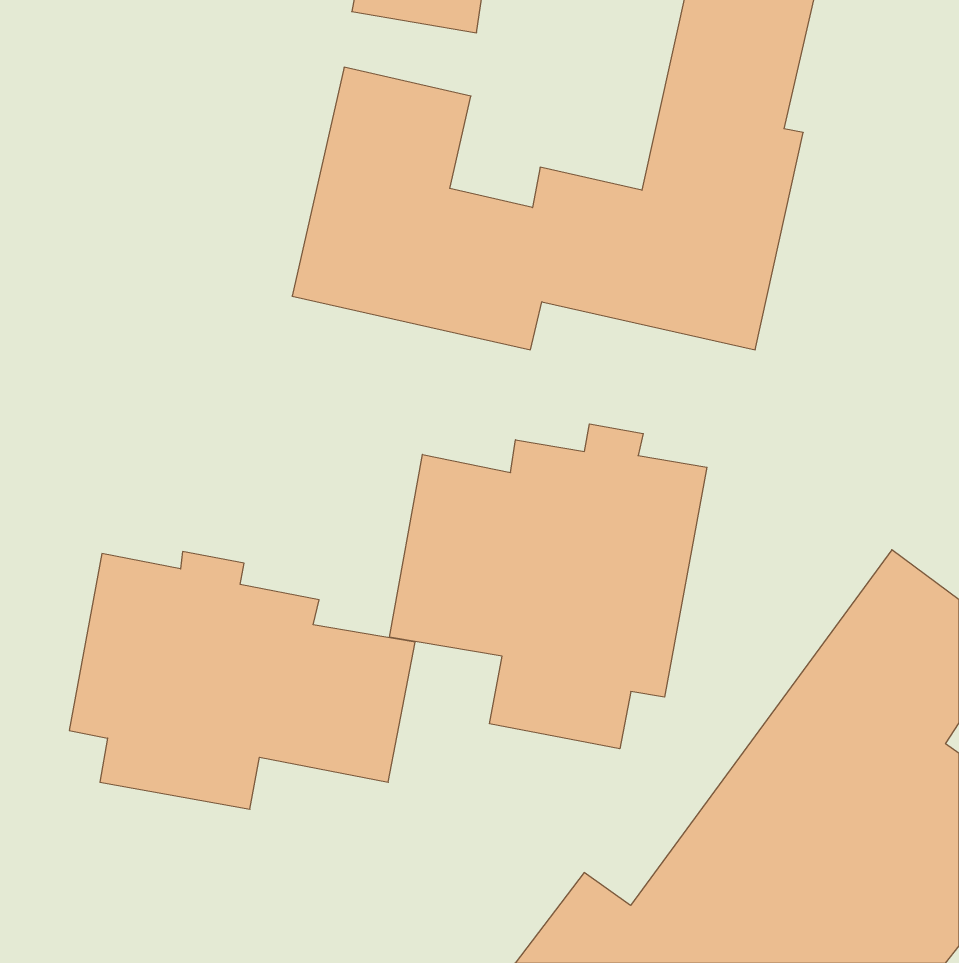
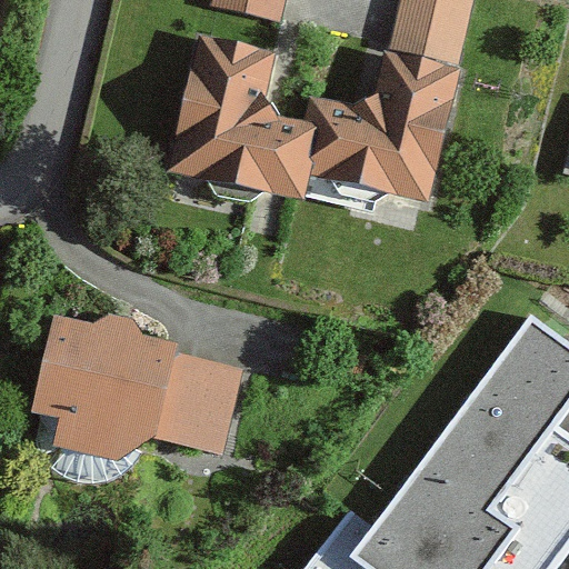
building: [390,424,707,749] -> none

